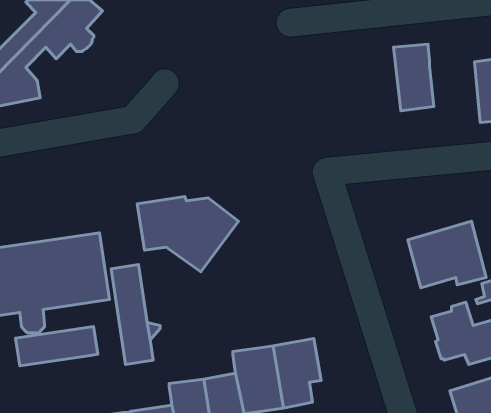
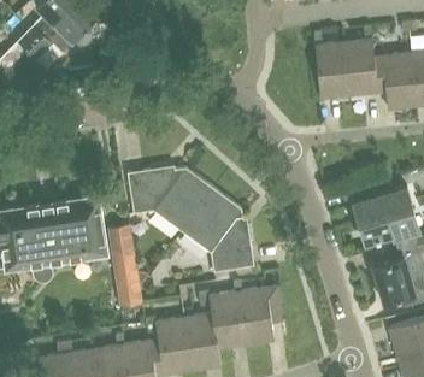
building: none -> [313,43,348,99]
building: none -> [372,55,414,110]
building: none -> [182,188,253,271]
building: [16,326,98,366] -> none

